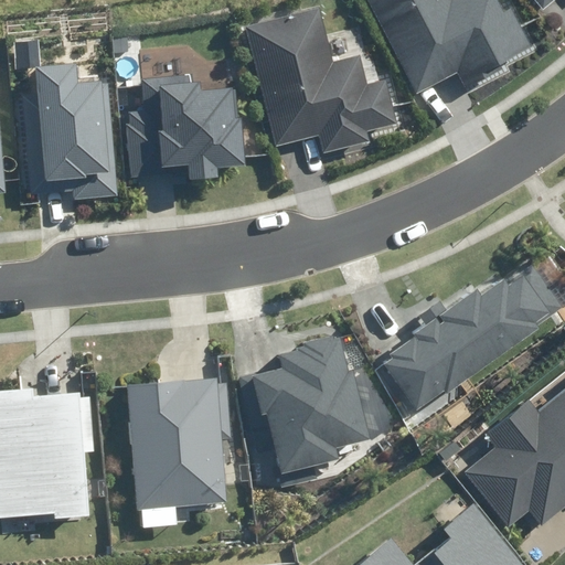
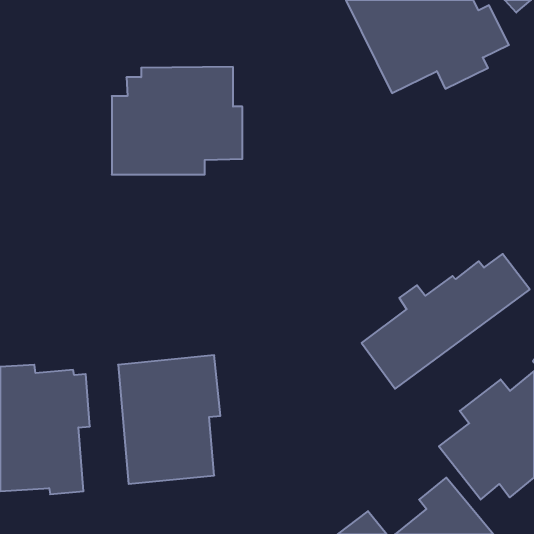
building: [248,8,403,153] -> none
building: [23,64,117,199] -> none
building: [254,332,367,475] -> none

